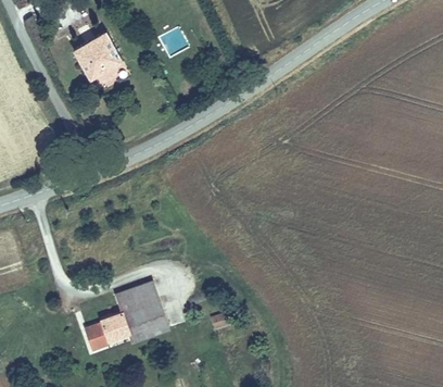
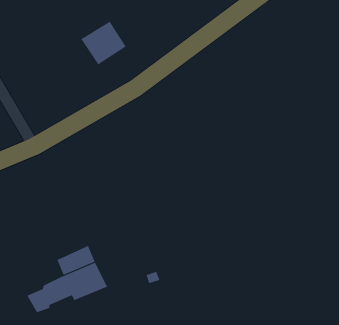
building: [76,28,126,76] -> [80,21,127,65]

